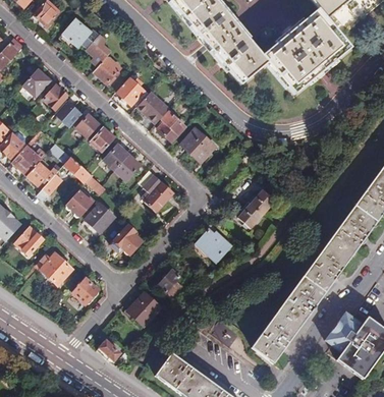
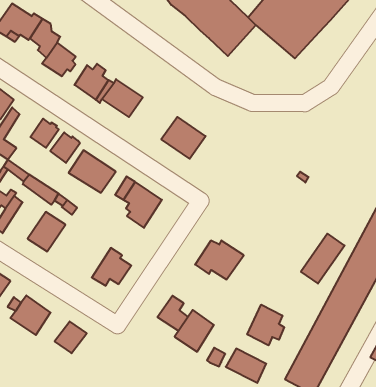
building: [157,111,185,143] -> none
building: [237,189,275,228] -> [301,234,345,284]
building: [85,203,114,232] -> none
building: none -> [247,305,284,345]
building: [126,292,159,326] -> [175,310,214,352]

